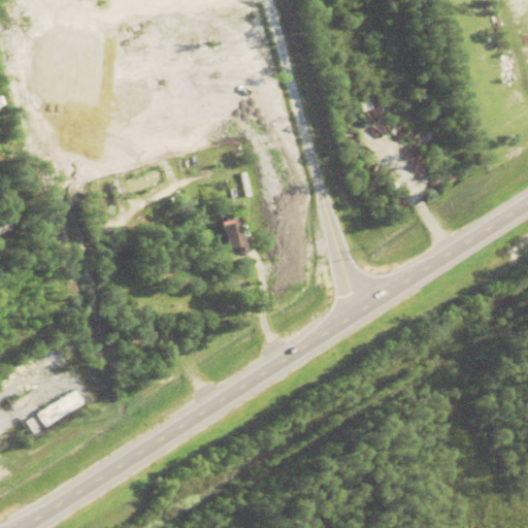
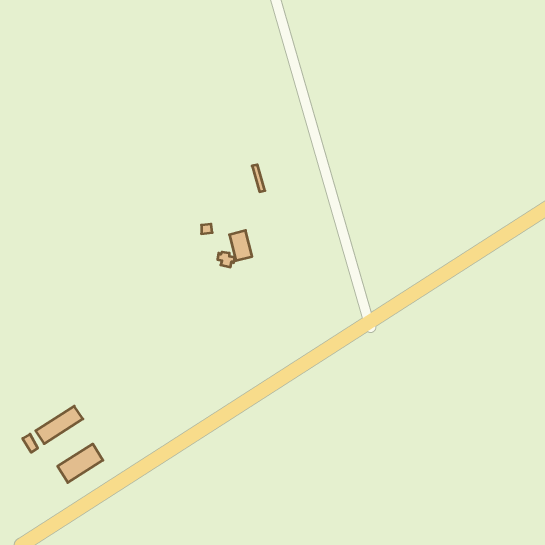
building: none -> [58,444,103,483]

